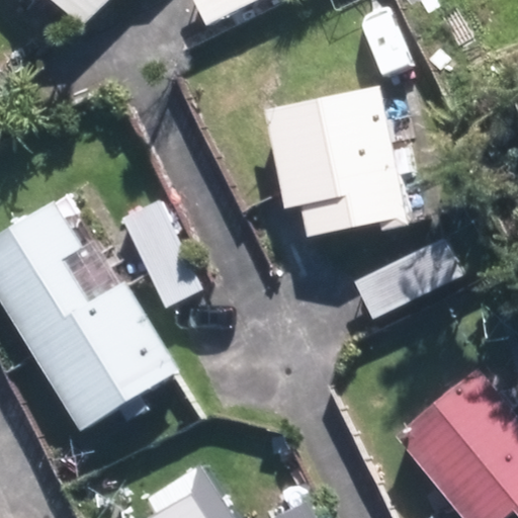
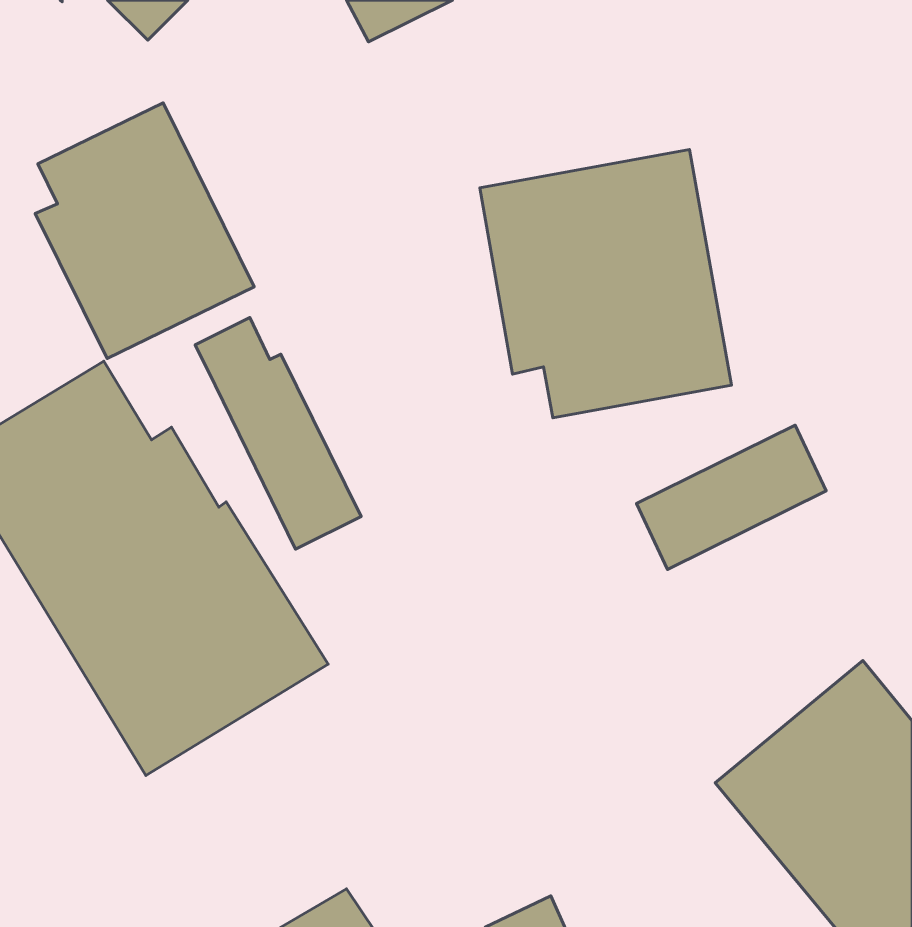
building: none -> [35,103,254,359]

